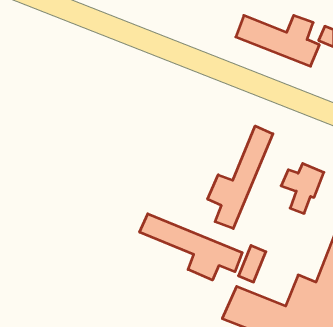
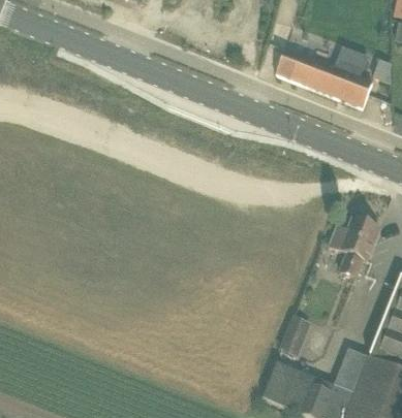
building: [208,126,273,229] -> none
building: [140,214,242,280] -> none

